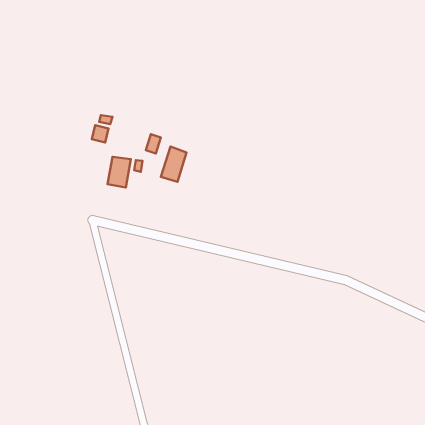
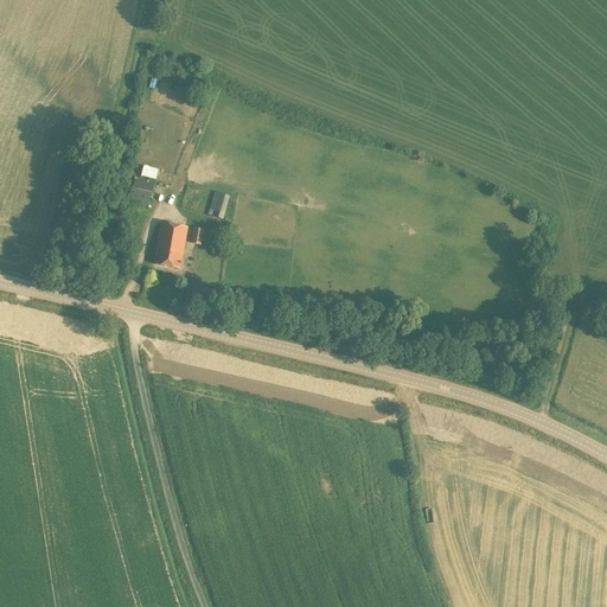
building: [161,146,187,182] -> none

